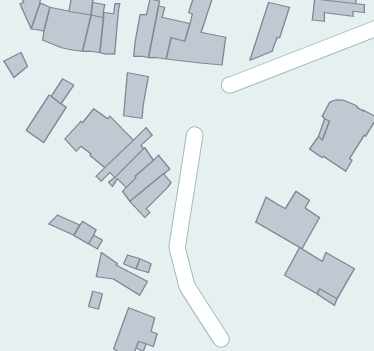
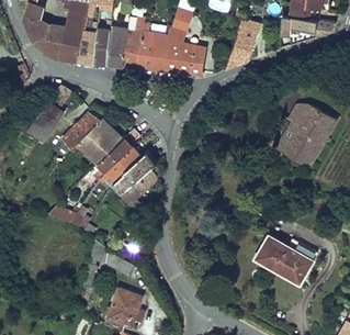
building: [124,73,148,118] -> [106,27,128,67]
building: [256,191,319,249] -> none

